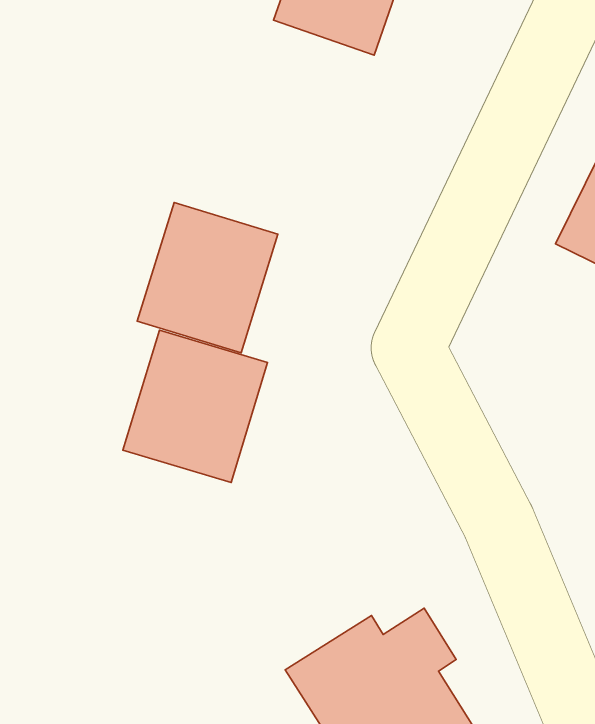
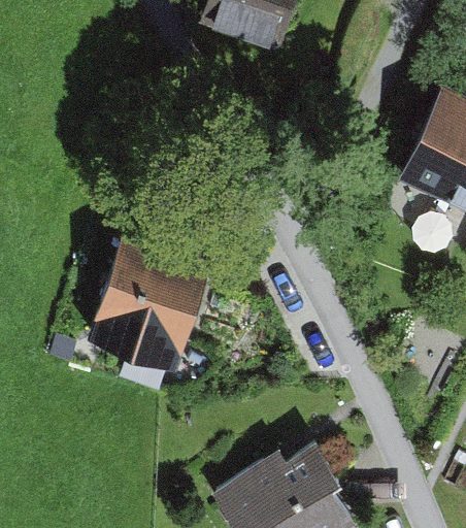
building: [137,203,278,353] -> none

